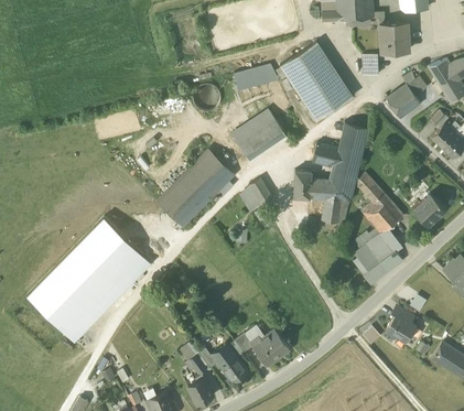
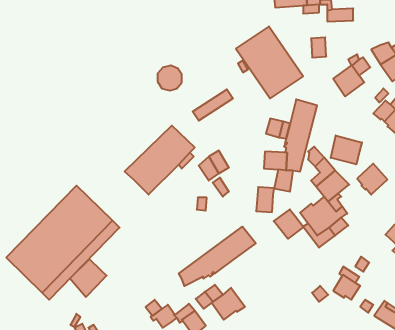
building: [380,35,410,52] -> none
building: [235,64,279,90] -> none
building: [239,121,285,159] -> none
building: none -> [331,135,362,164]
building: [293,171,313,198] -> [256,187,274,212]
building: none -> [274,209,303,239]
building: none -> [179,227,256,286]
building: none -> [70,259,107,297]

